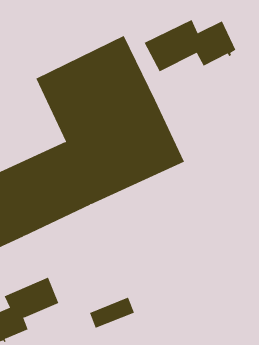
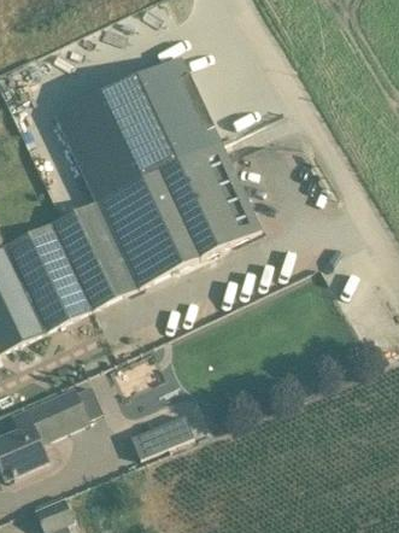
building: [144,19,236,72] -> none

